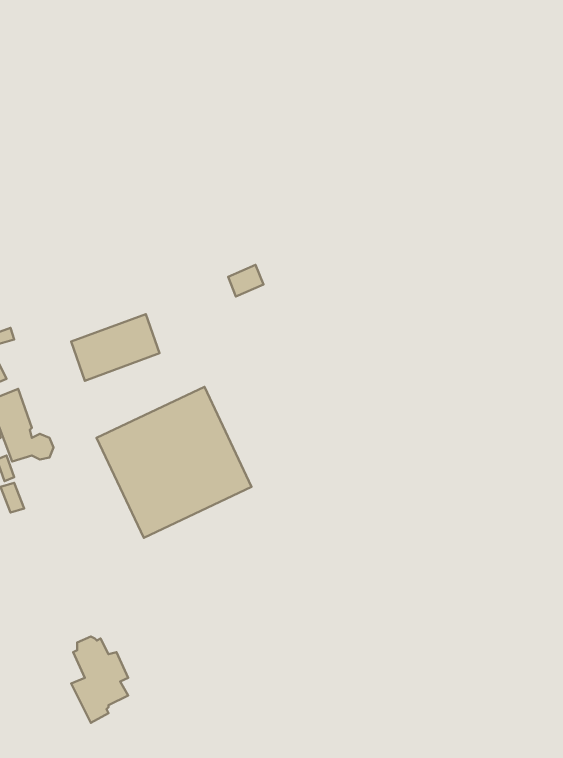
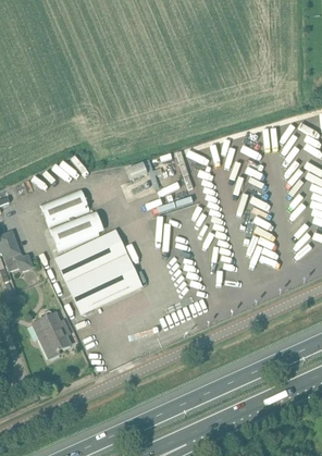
building: none -> [50,211,100,251]
building: [71,636,128,723] -> [39,311,71,359]

